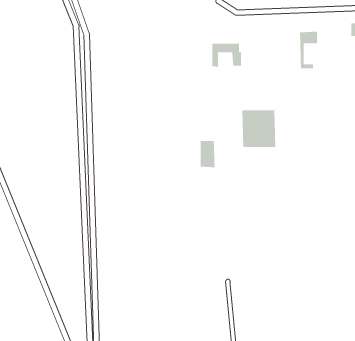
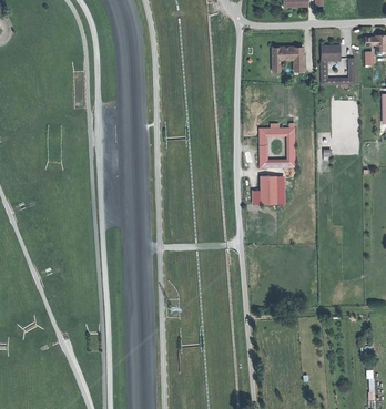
building: [212,43,242,67] -> [272,48,304,73]
building: [200,141,216,168] -> [261,176,277,205]

